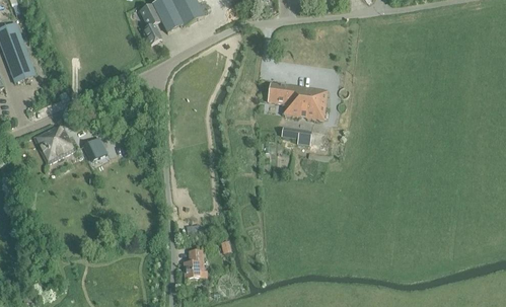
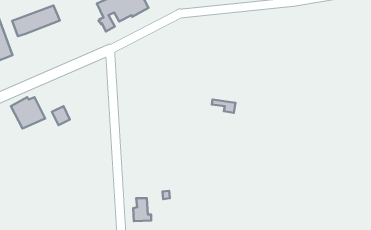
building: none -> [12,5,60,36]
building: [268,82,328,119] -> none

